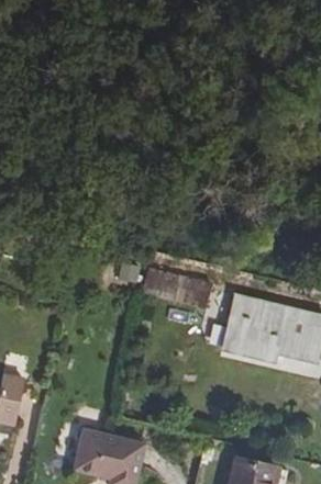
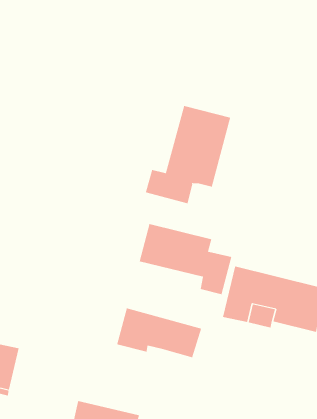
building: none -> [145,105,231,204]
building: none -> [117,307,202,358]

